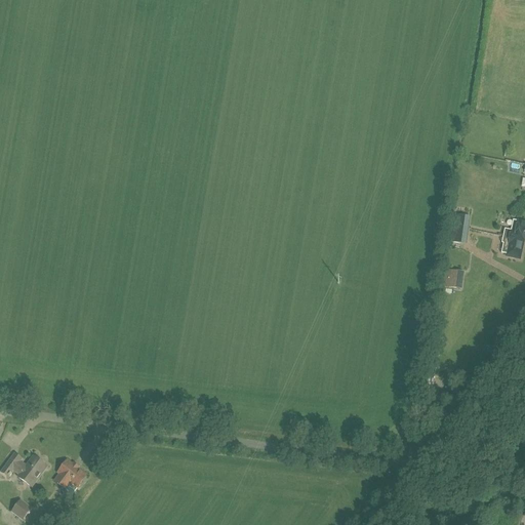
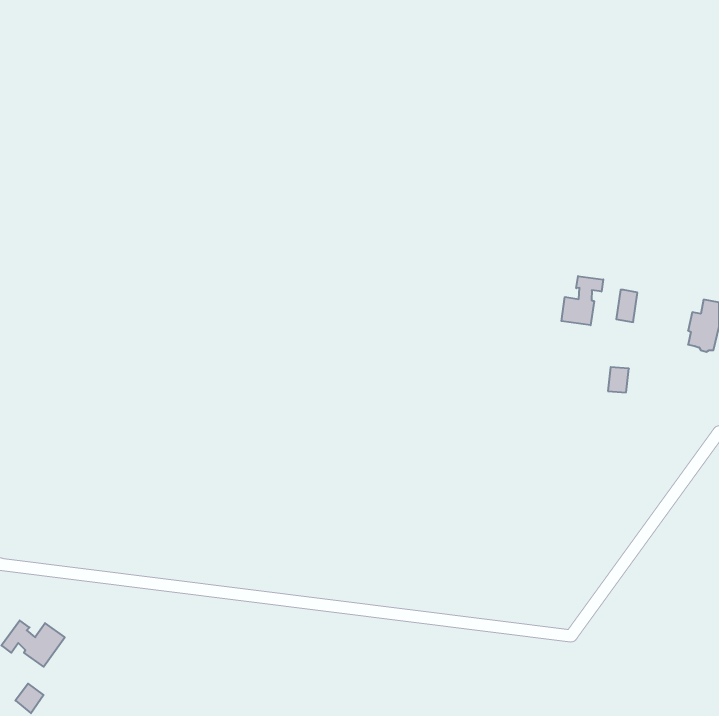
building: none -> [561,276,603,325]
building: [54,458,86,488] -> none

